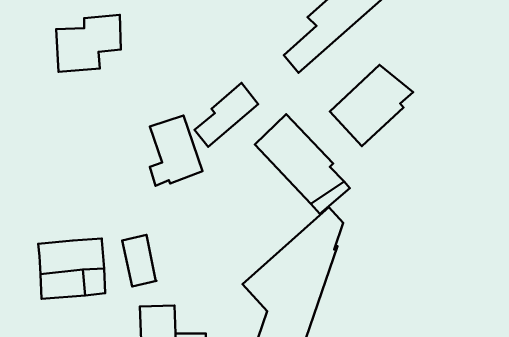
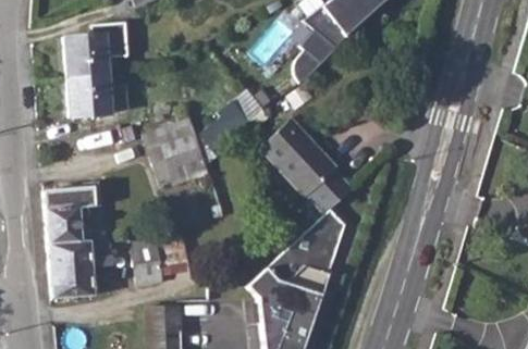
building: [330,65,413,146] -> none
building: none -> [67,73,128,117]
building: none -> [44,186,96,244]

